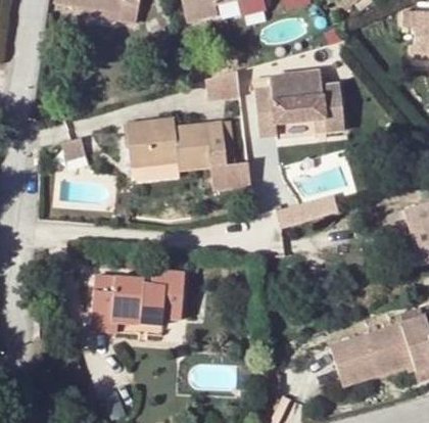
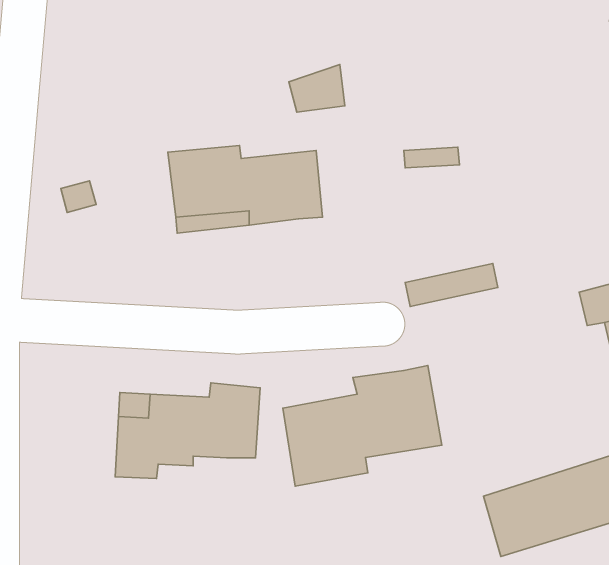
building: [254,69,340,133] -> none
building: [211,163,251,189] -> none
building: none -> [283,366,442,486]

